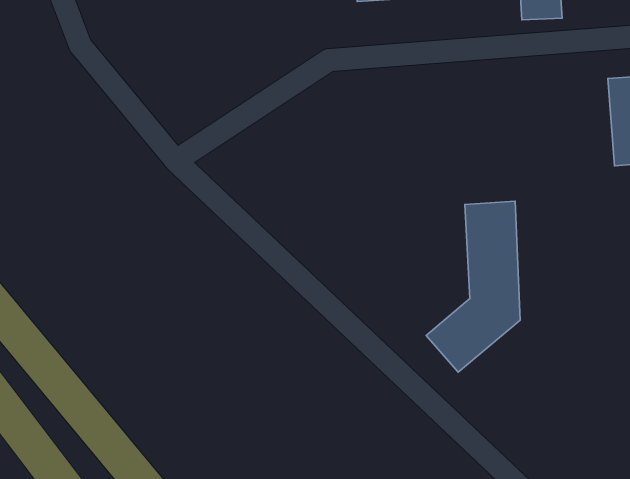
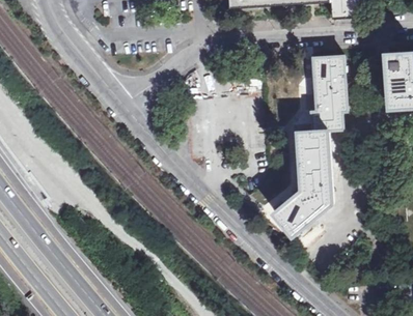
building: none -> [311,57,346,131]

